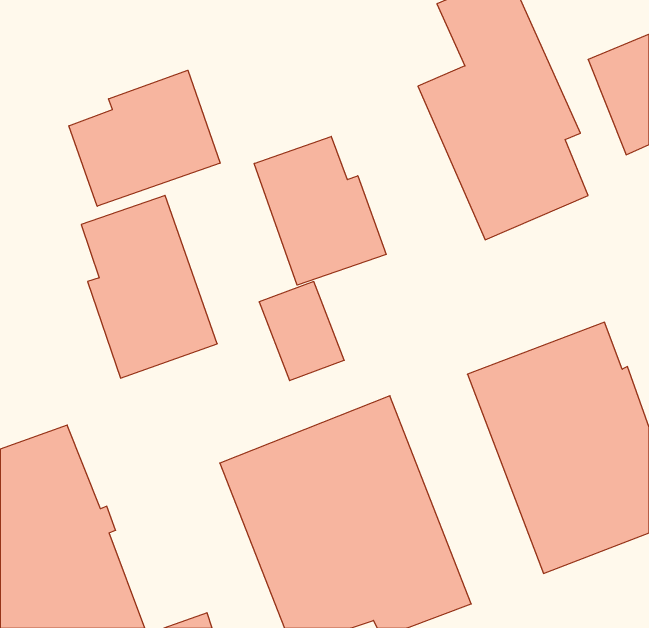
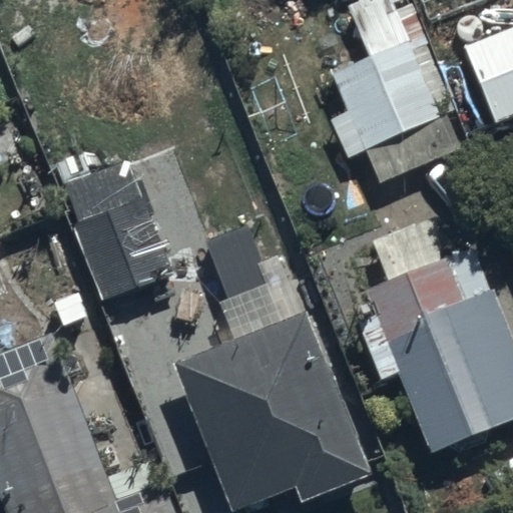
building: [69,70,220,206] -> none
building: [254,136,386,285] -> none

